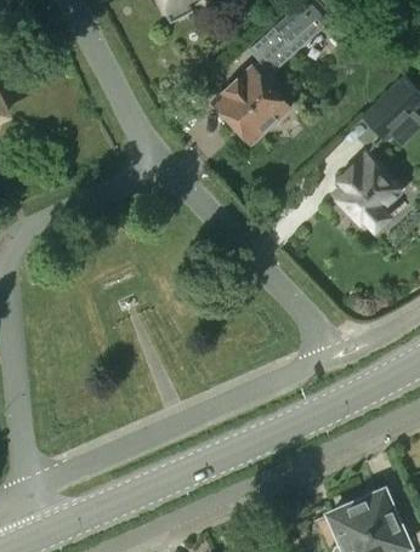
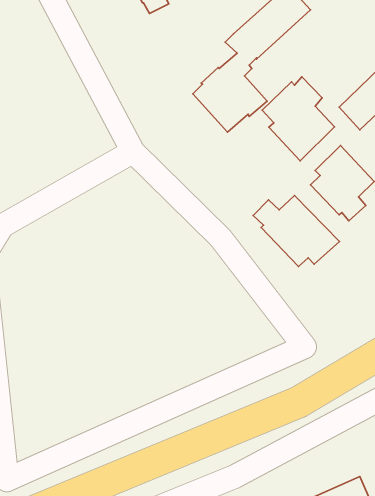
building: none -> [262,77,334,161]
building: none -> [253,196,339,266]

